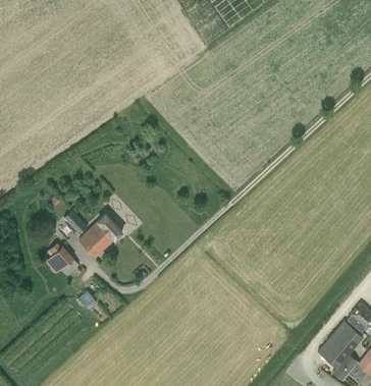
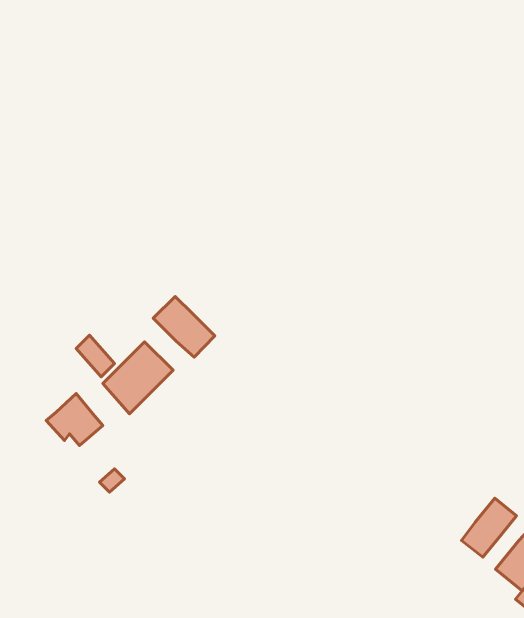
building: none -> [153,296,215,357]
building: none -> [462,498,516,557]

